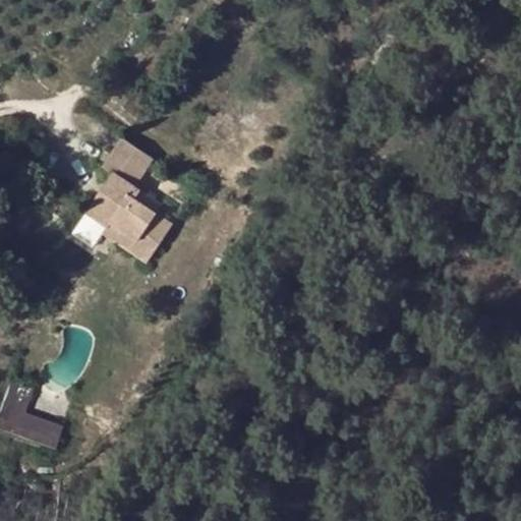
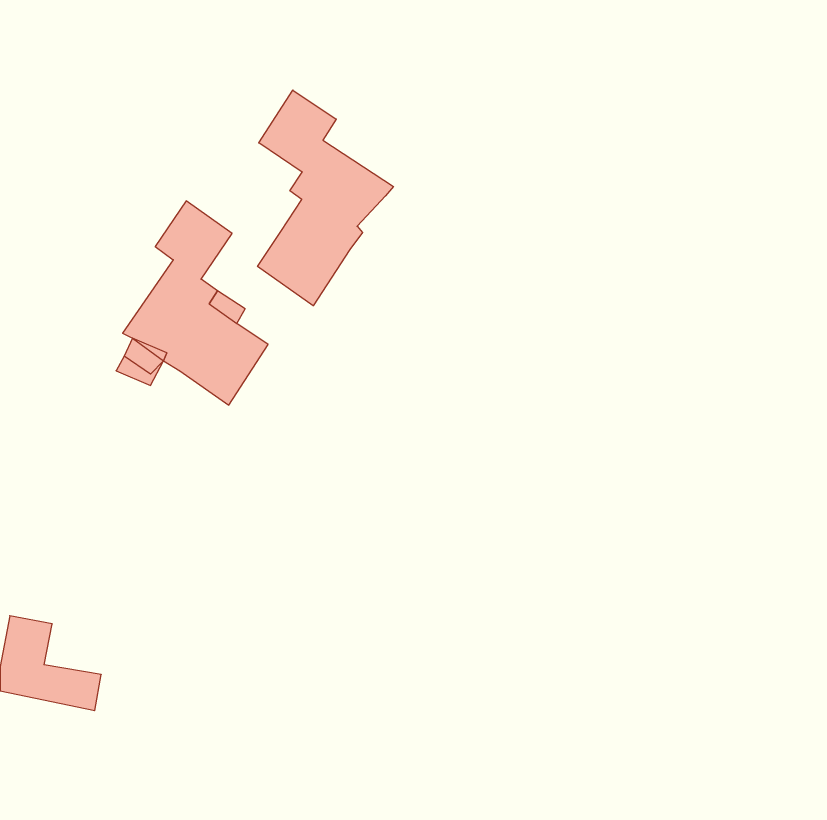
building: none -> [258,90,393,306]

